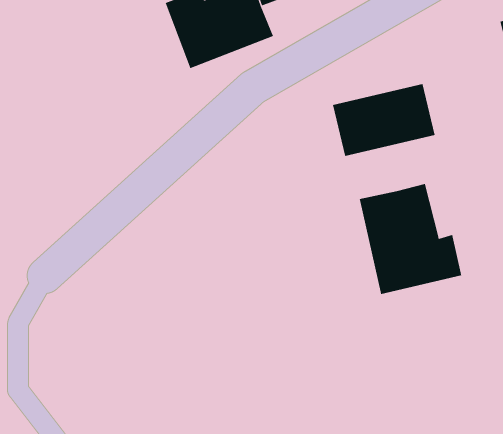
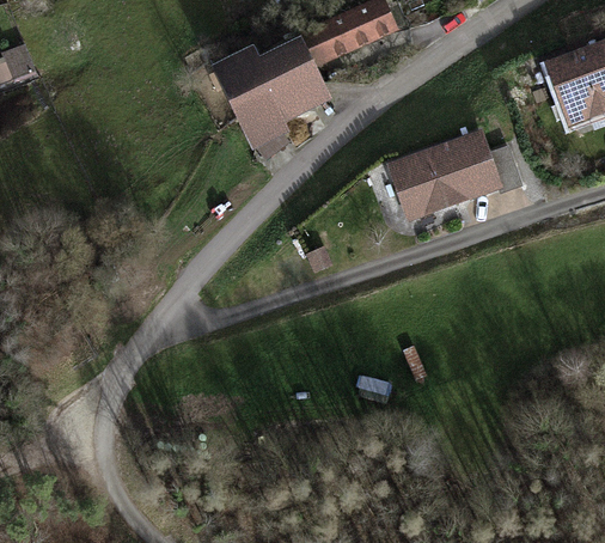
building: [359,183,462,295] -> none

